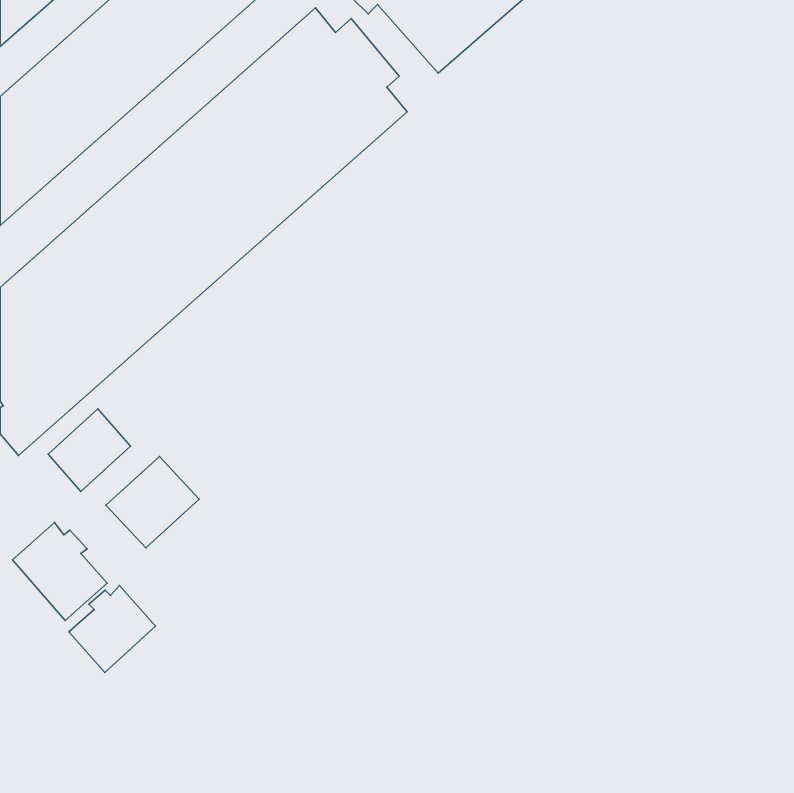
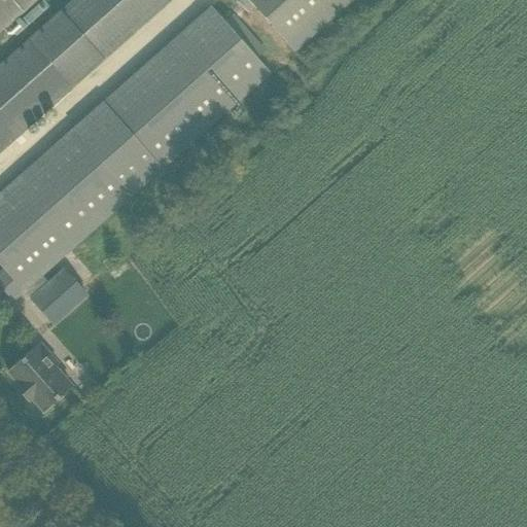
building: [106,457,199,548] -> none
building: [69,586,156,672] -> none

